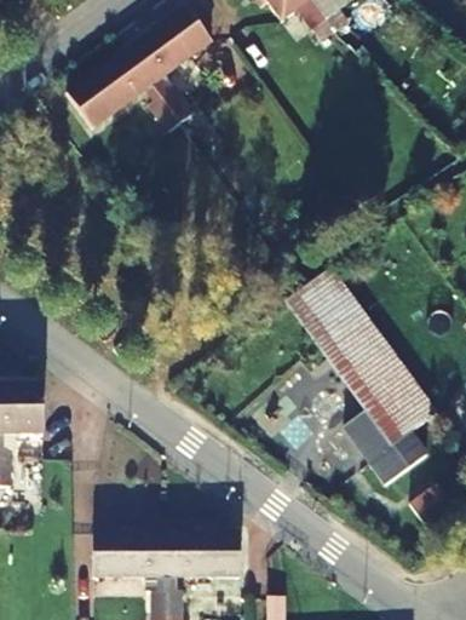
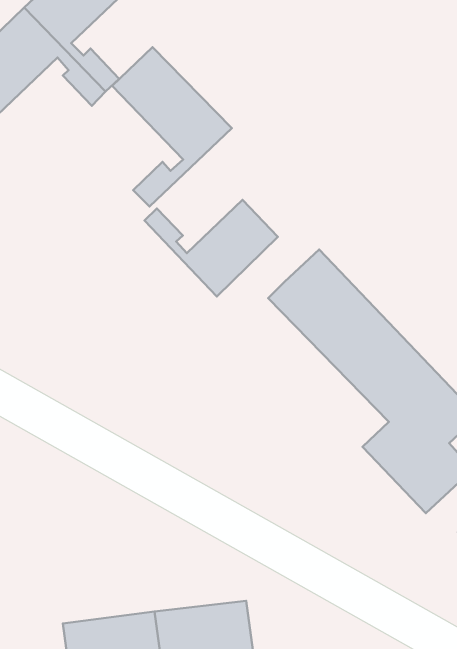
building: none -> [112,47,232,207]
building: none -> [145,200,278,297]

